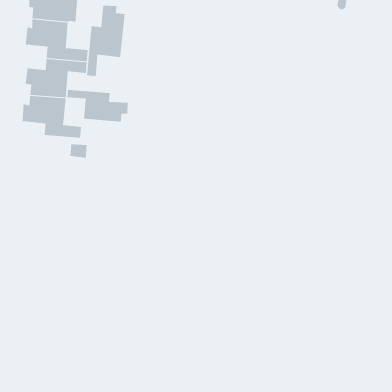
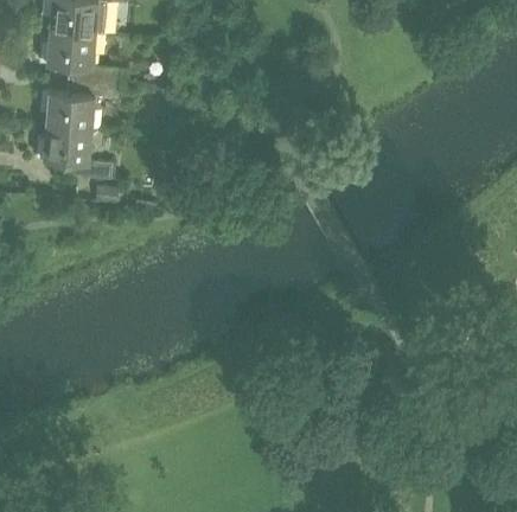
building: [86,5,125,77] -> none
building: [67,89,128,122] -> none

